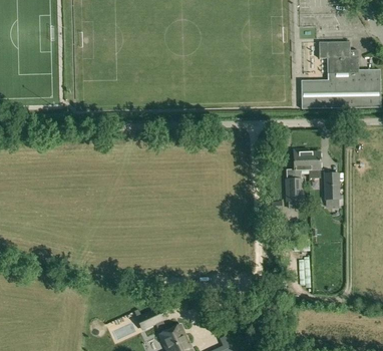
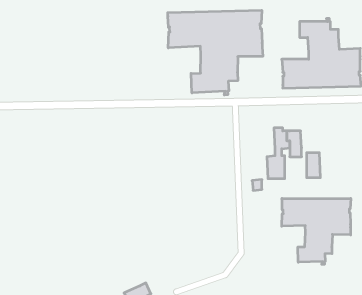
building: none -> [168,10,263,95]
building: none -> [282,198,351,264]

